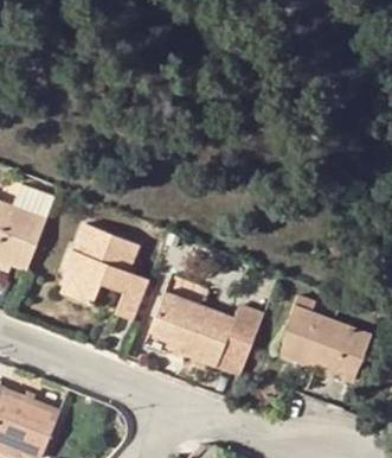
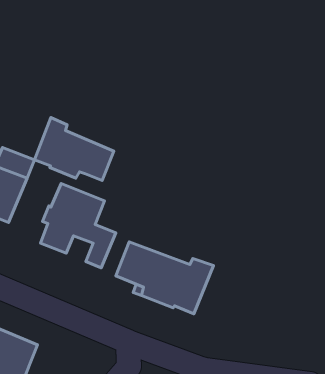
building: none -> [34,118,114,181]
building: [275,304,369,382] -> none

